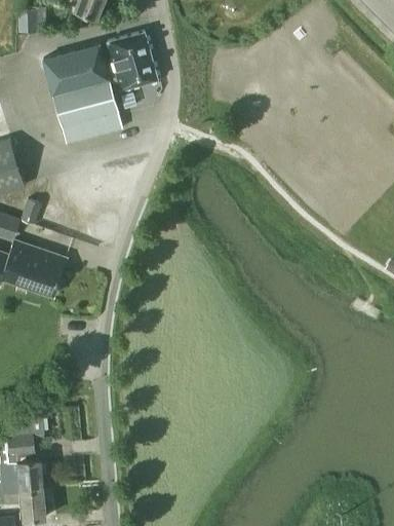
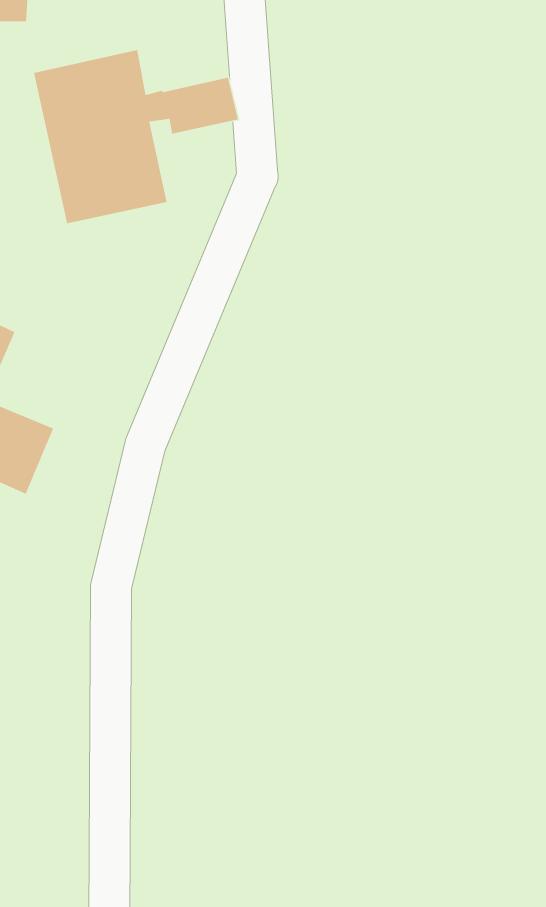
building: [109,32,151,66] -> none

